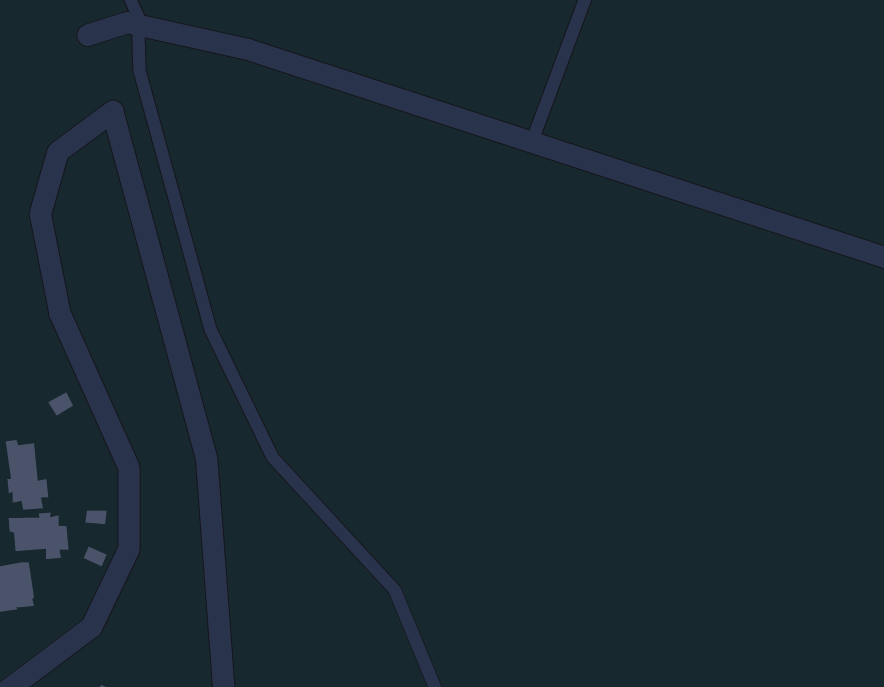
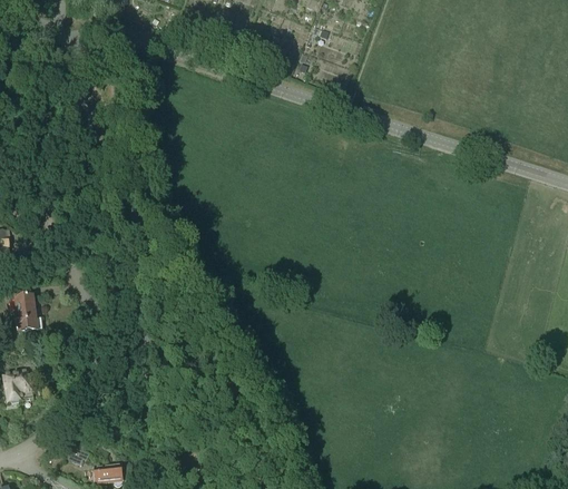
building: [8,512,69,560] -> none

